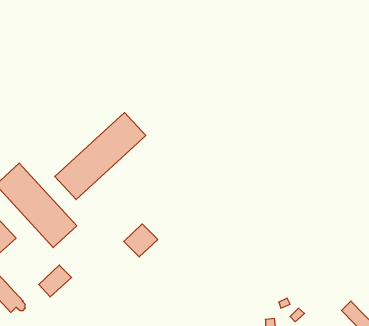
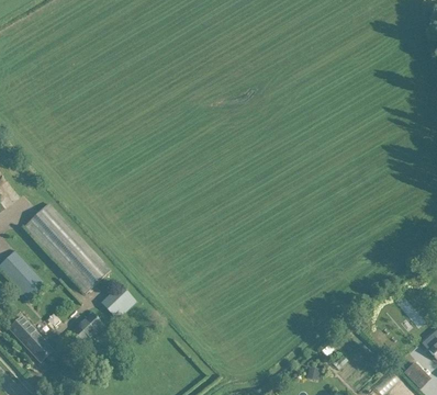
building: [55,113,146,200] -> none
building: [124,224,158,257] -> [101,285,137,320]

